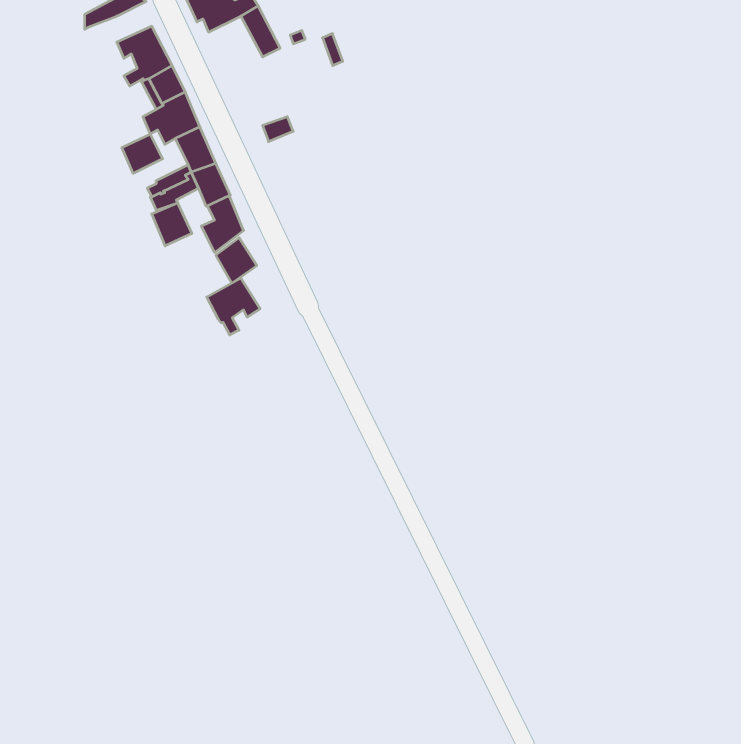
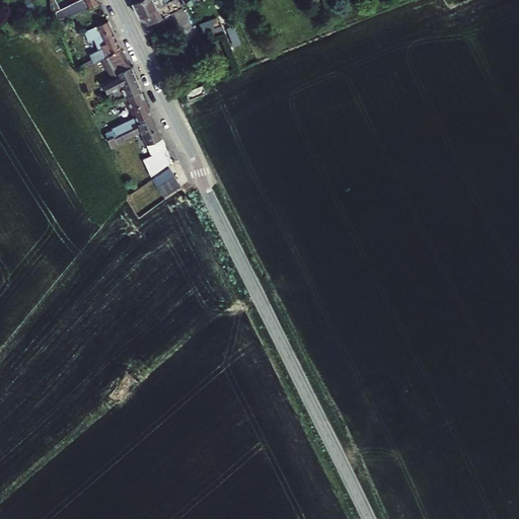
building: [122,134,163,173] -> none
building: [152,203,192,246] -> none
building: [207,278,260,335] -> none

